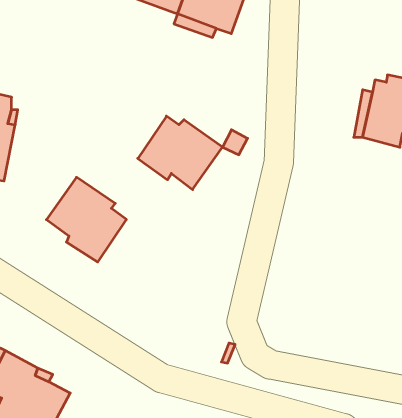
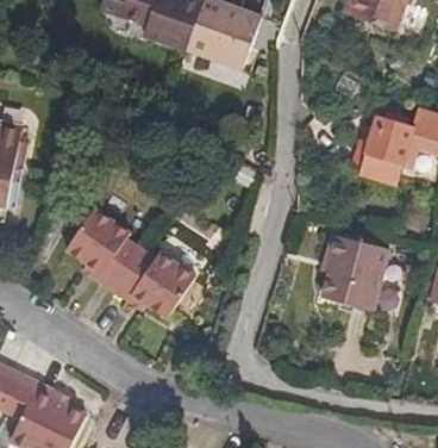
building: [138,116,223,190] -> [112,248,193,318]
building: none -> [331,232,394,307]

